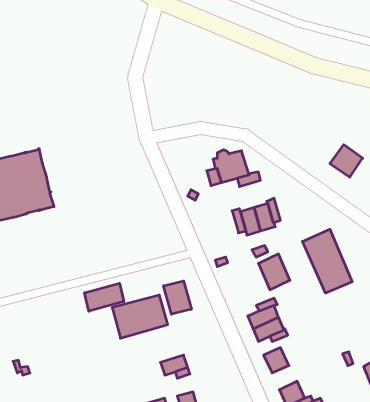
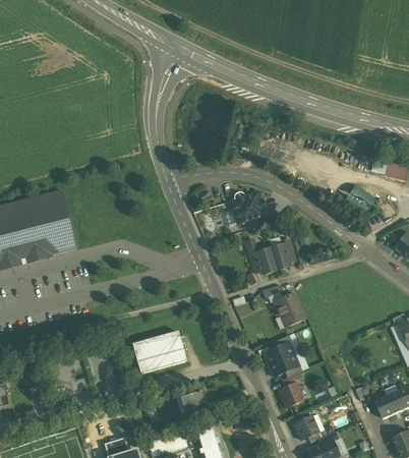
building: [302,229,352,293] -> none
building: [164,281,191,314] -> none
building: [85,283,124,311] -> none

